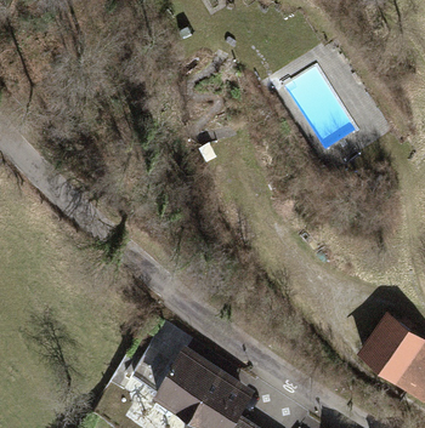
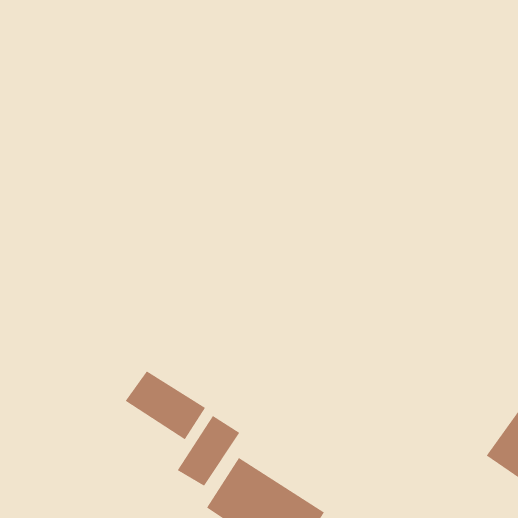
building: none -> [125,370,206,440]

